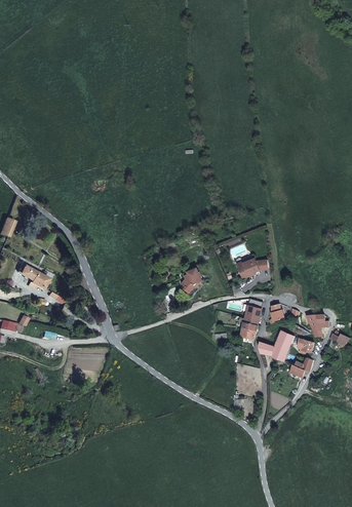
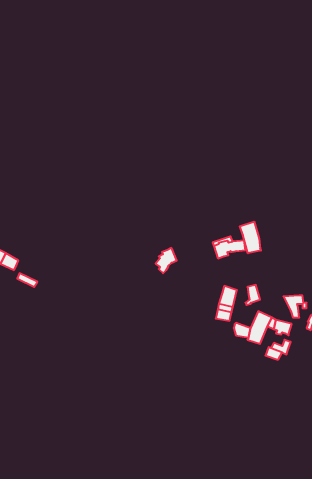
building: none -> [240,222,261,253]

